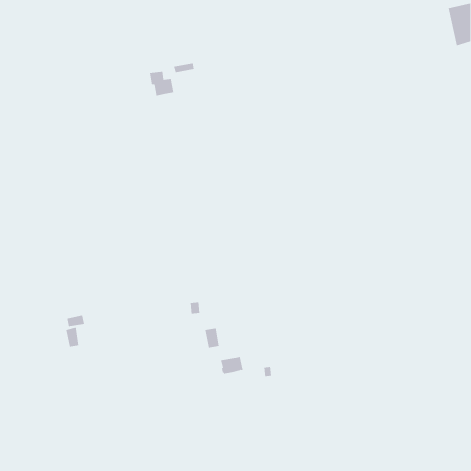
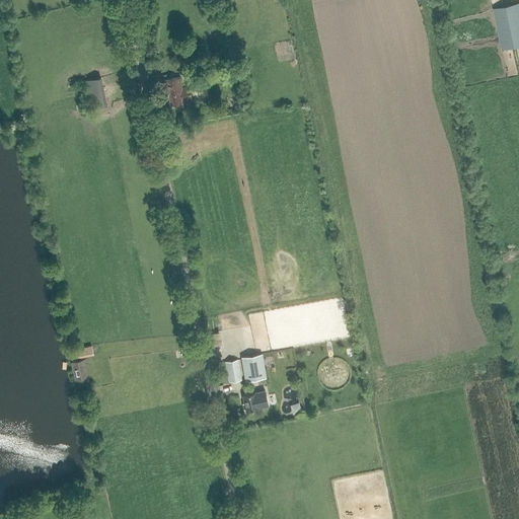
building: none -> [84,78,106,109]
building: none -> [241,355,266,382]

